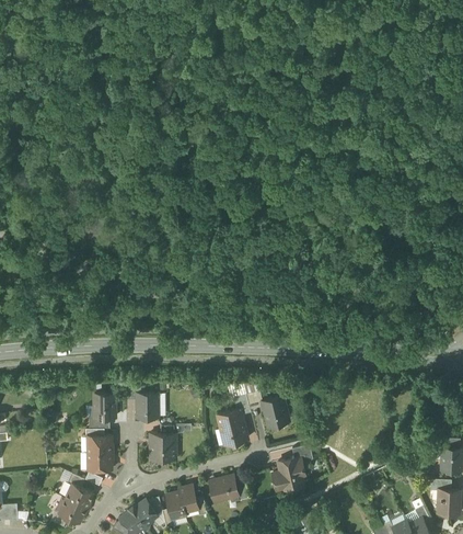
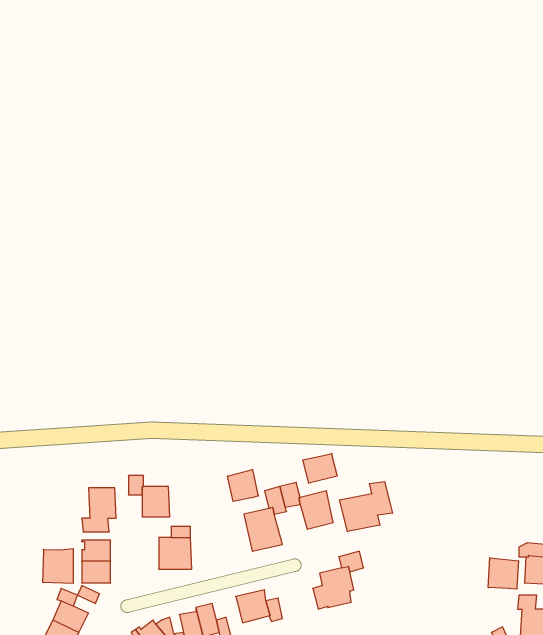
building: none -> [303,453,337,483]
building: none -> [228,469,258,501]
building: none -> [339,482,392,532]
building: none -> [43,549,73,583]
building: none -> [488,558,518,589]

